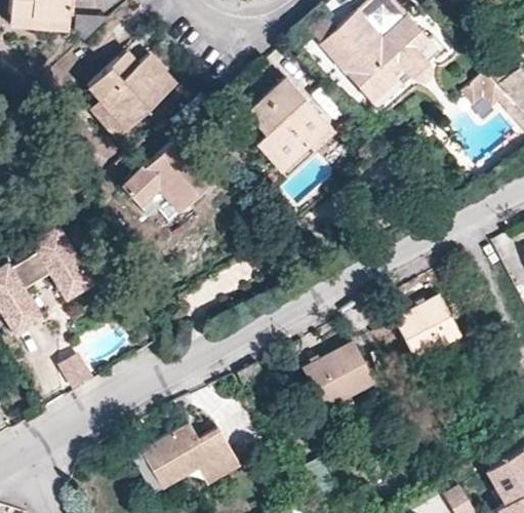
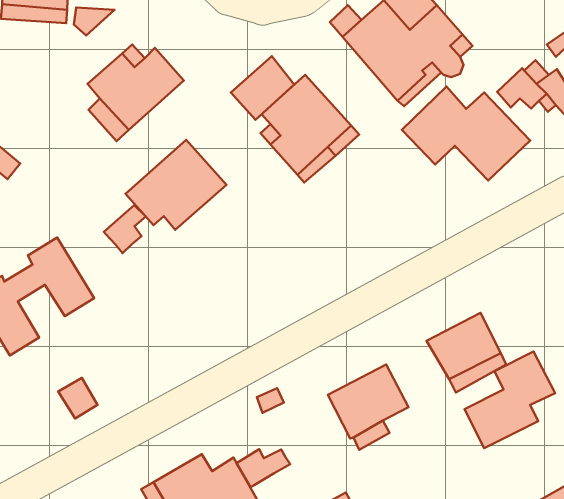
building: none -> [231,56,294,120]
building: none -> [402,86,530,180]
building: none -> [104,205,146,253]
building: none -> [465,352,555,448]
building: none -> [237,449,290,487]

